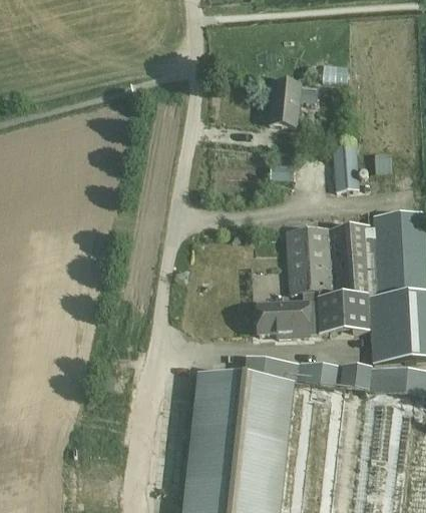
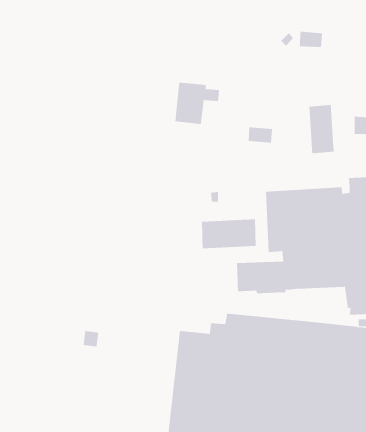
building: [268,82,315,126] -> [175,82,220,125]
building: none -> [201,219,256,249]

